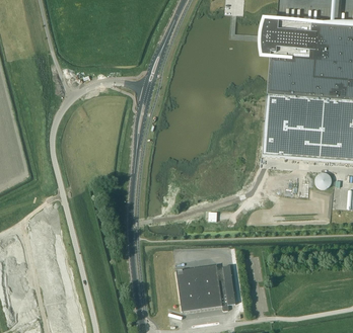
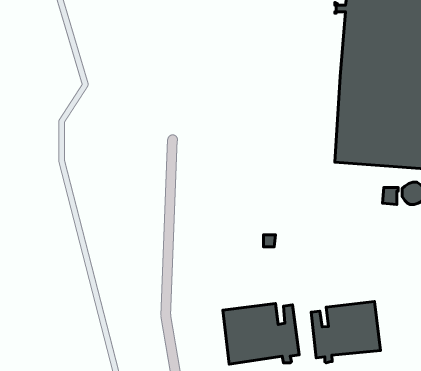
building: none -> [311,301,380,363]

